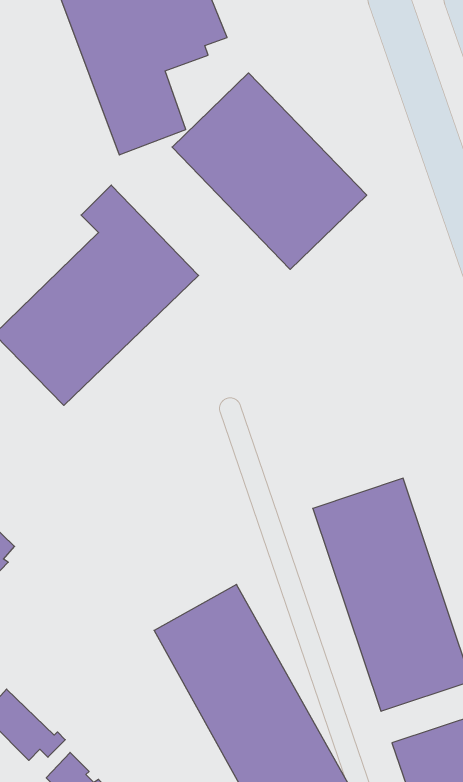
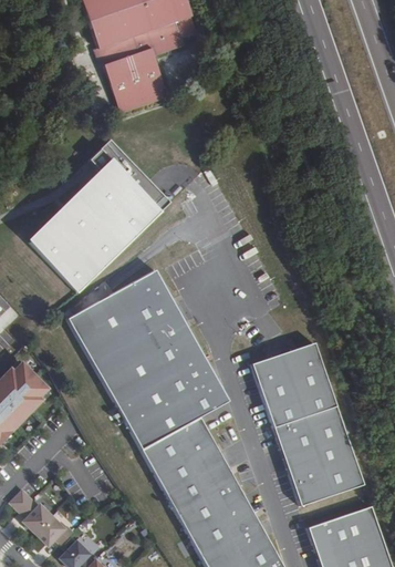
building: [172,73,367,269] -> none
building: none -> [66,274,224,447]

